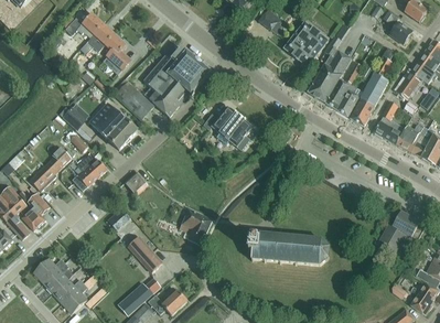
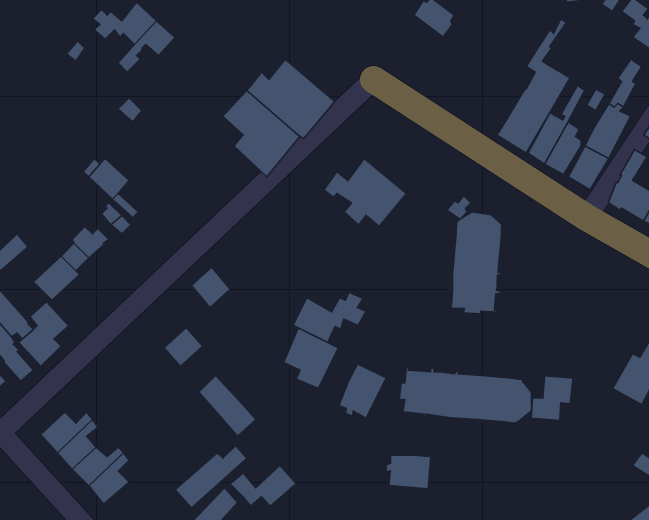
building: [285,21,329,66] -> none
building: [104,33,128,74] -> none
building: [117,80,154,118] -> none
building: [92,105,137,149] -> none
building: none -> [447,212,502,314]
building: [73,153,107,191] -> none
building: none -> [293,292,366,343]
building: none -> [339,364,386,418]
building: none -> [531,376,573,420]
building: none -> [386,455,431,489]

